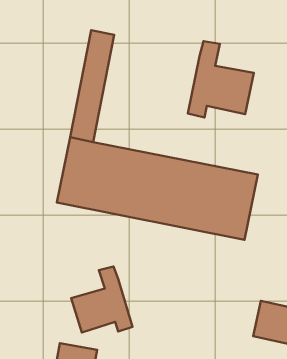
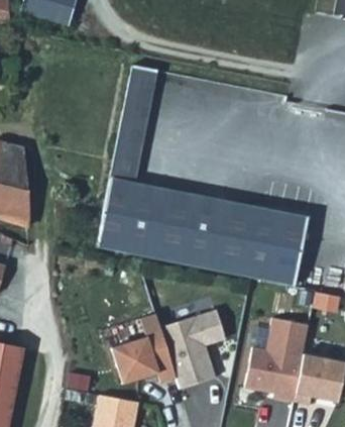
building: [188,41,254,117] -> none
building: none -> [159,311,228,391]
building: none -> [243,320,307,404]

